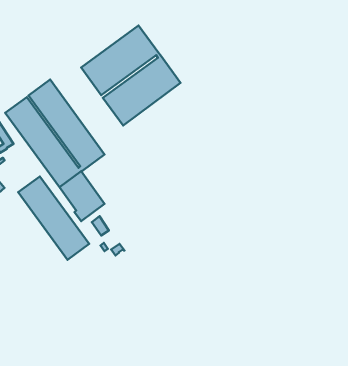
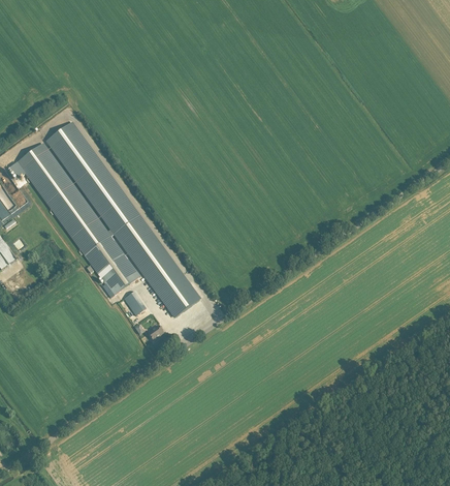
building: [81,26,181,126] -> none
building: [18,176,89,260] -> [112,214,200,317]

